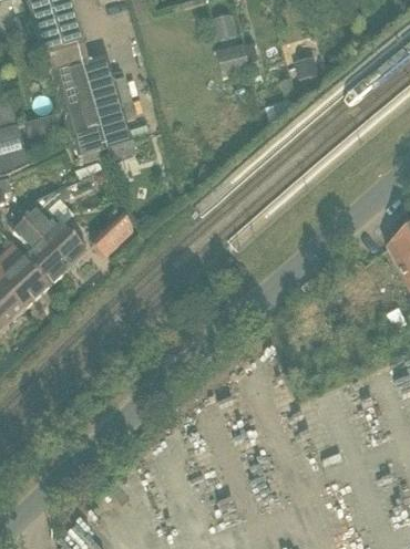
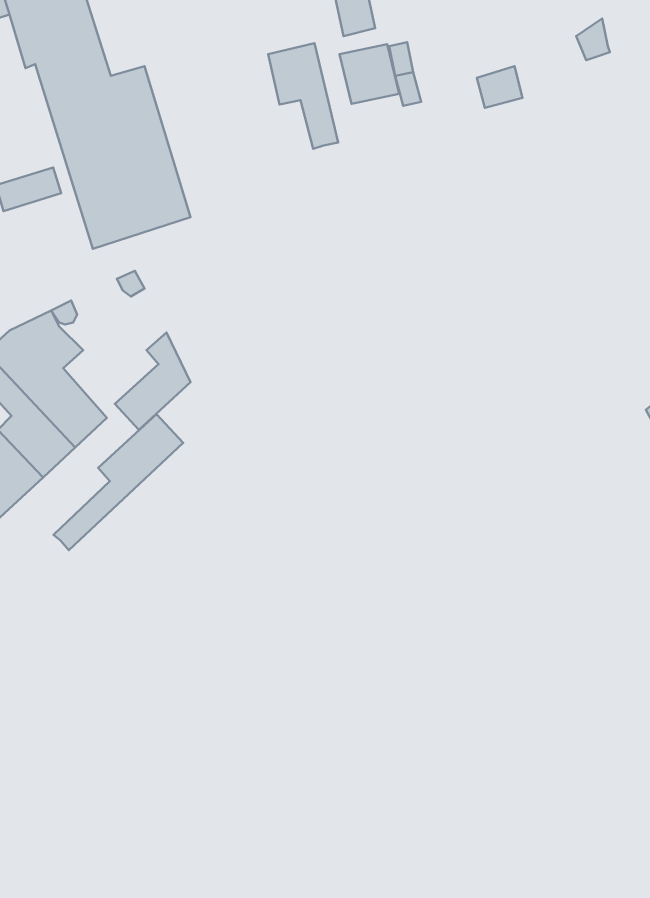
building: none -> [268,43,338,149]
building: none -> [53,414,183,550]

